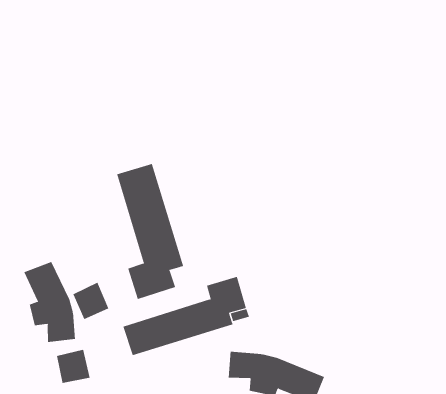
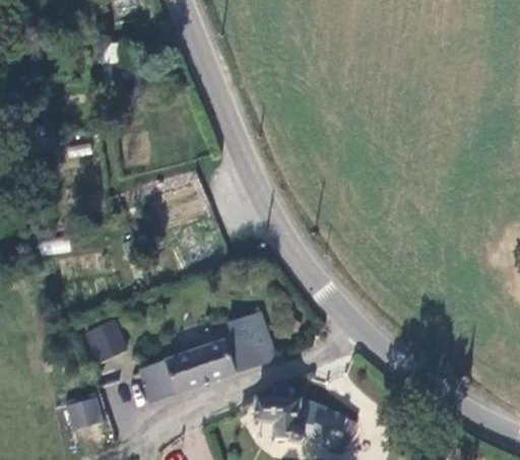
building: [116,163,184,300] -> none
building: [24,261,75,343] -> none

